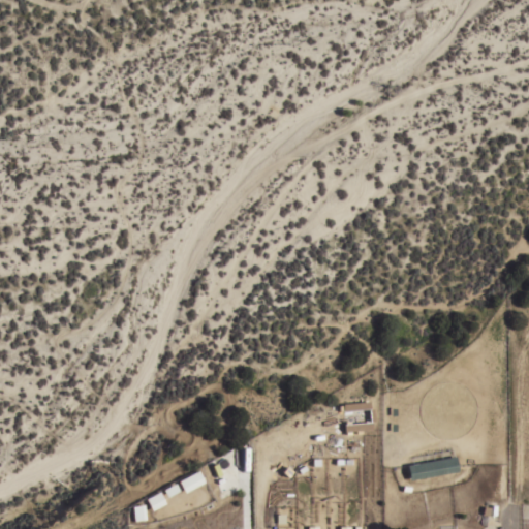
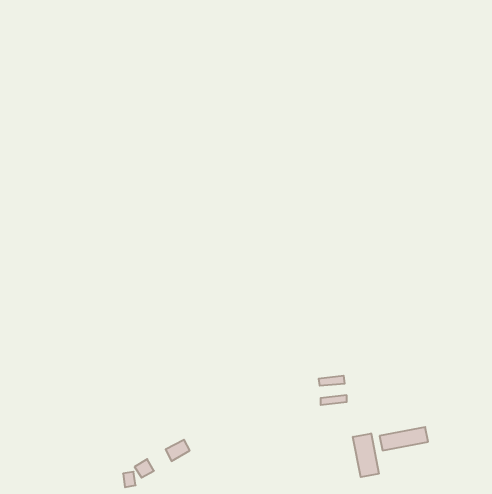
building: none -> [353,433,379,477]

